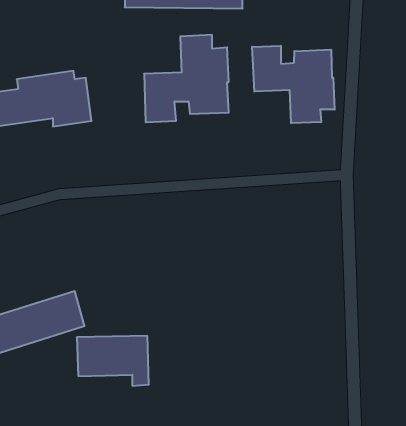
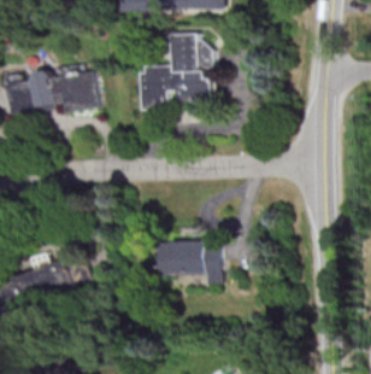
building: [252,46,335,123] -> none
building: [77,336,149,386] -> [157,240,219,284]

